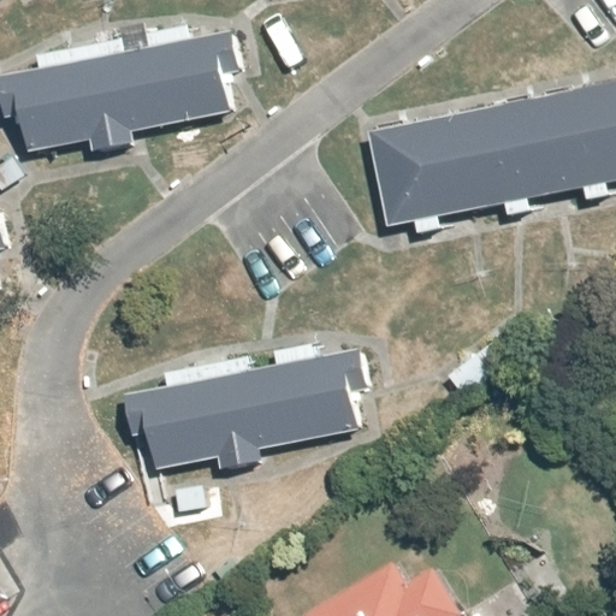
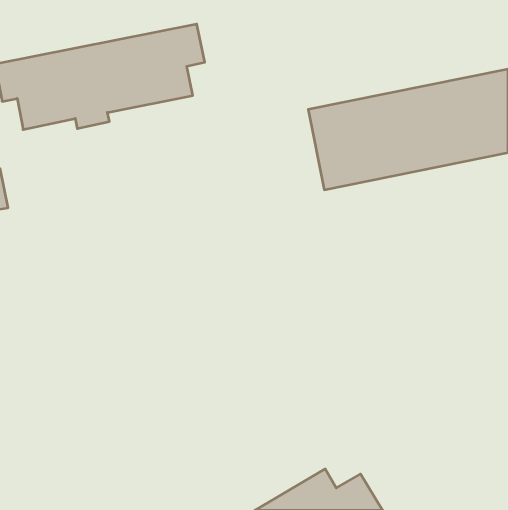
building: [119,345,371,470] -> none

